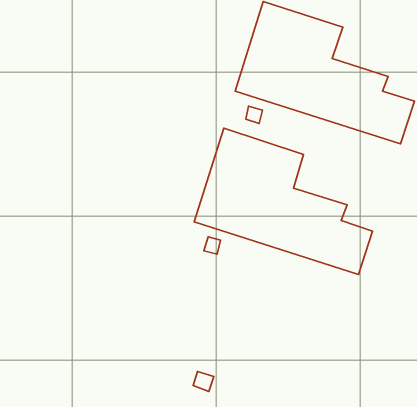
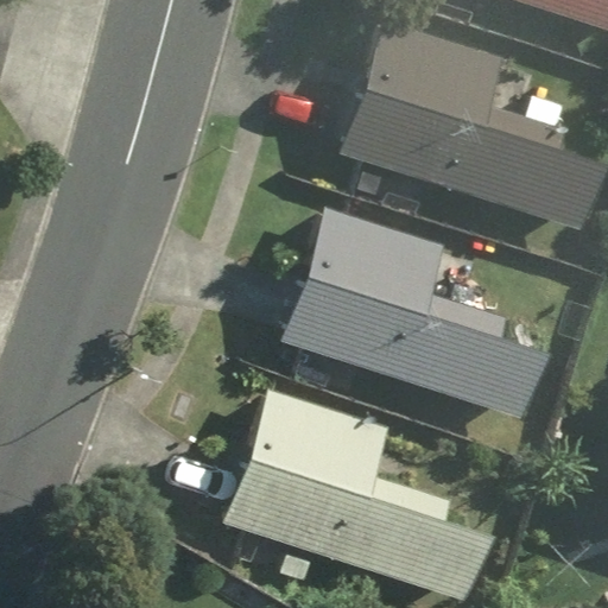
building: none -> [227,388,486,597]

